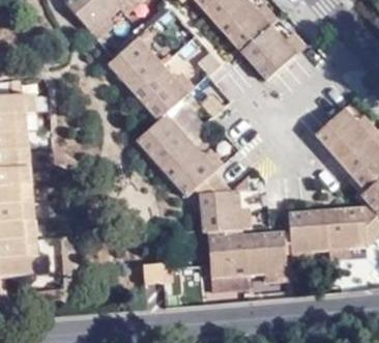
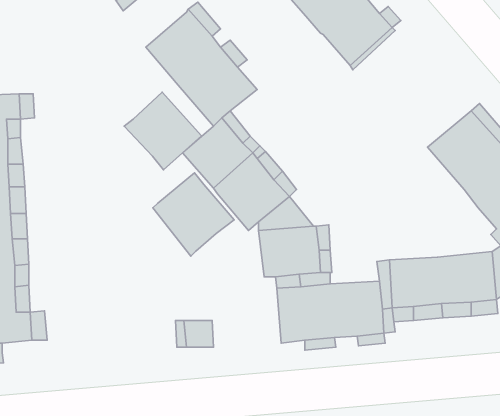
building: none -> [124,92,202,170]
building: none -> [153,173,234,256]

